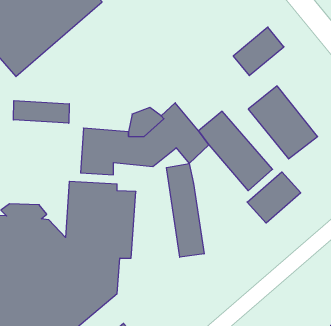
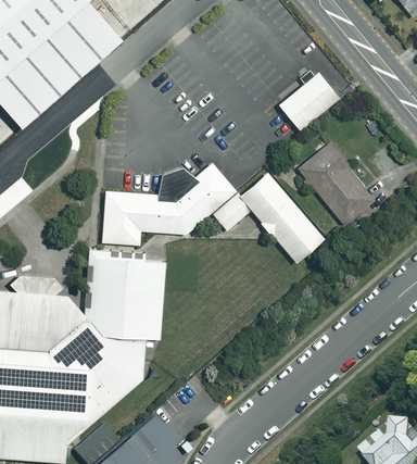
building: [13,101,69,123] -> none
building: [166,164,204,257] -> none
building: [247,172,301,223] -> none

